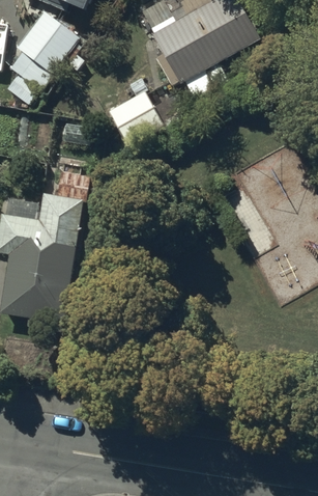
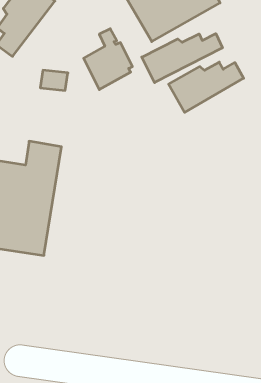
building: none -> [142,34,222,83]
building: none -> [169,62,244,112]

